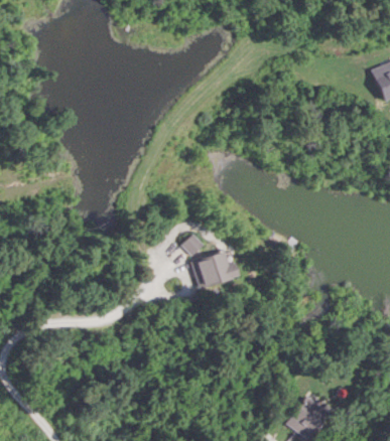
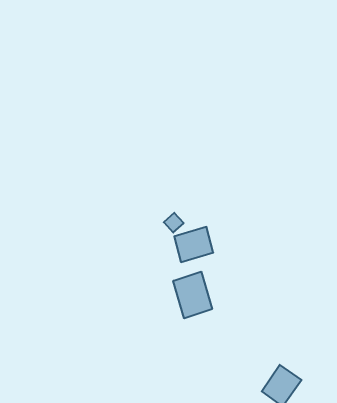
building: none -> [173,272,212,318]

